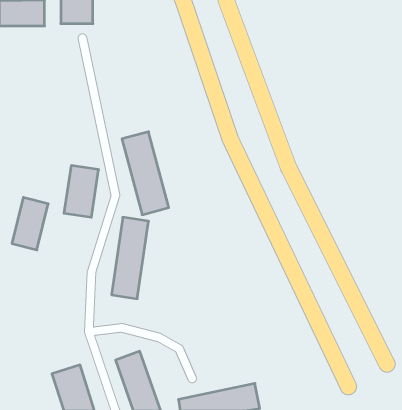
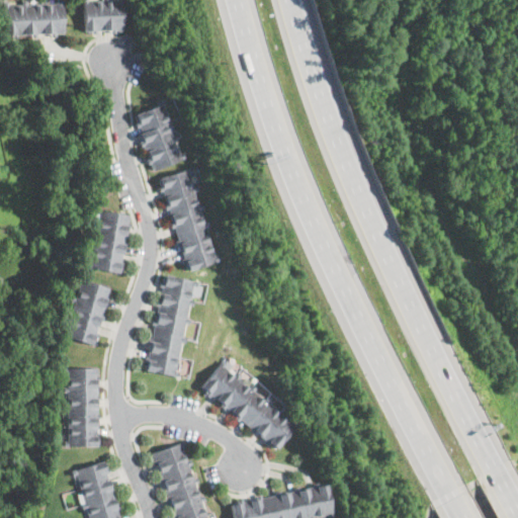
building: none -> [134,103,184,170]
building: [12,197,48,250] -> [65,280,110,346]
building: none -> [200,362,299,450]
building: none -> [66,368,100,448]

